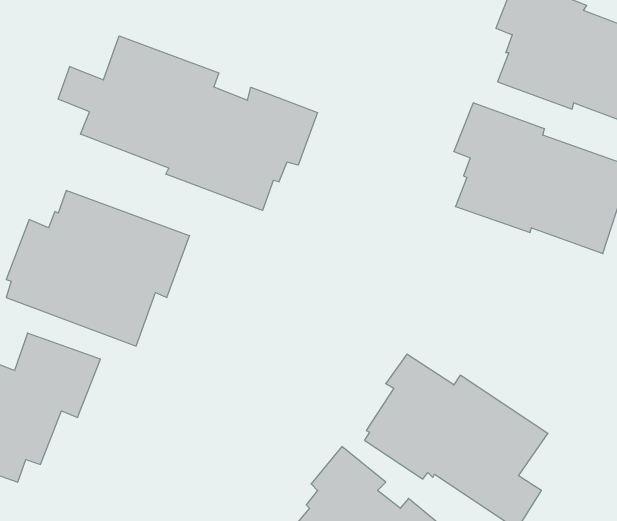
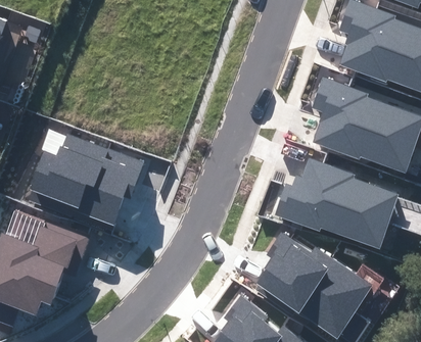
building: [58,36,318,210] -> none
building: none -> [275,157,399,248]

